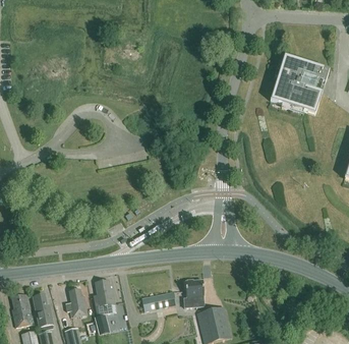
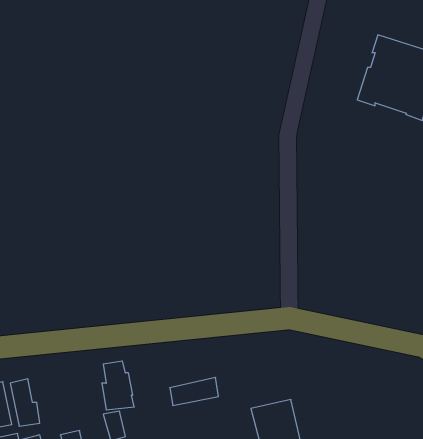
building: [183,278,203,305] -> none
building: [65,288,88,316] -> none

